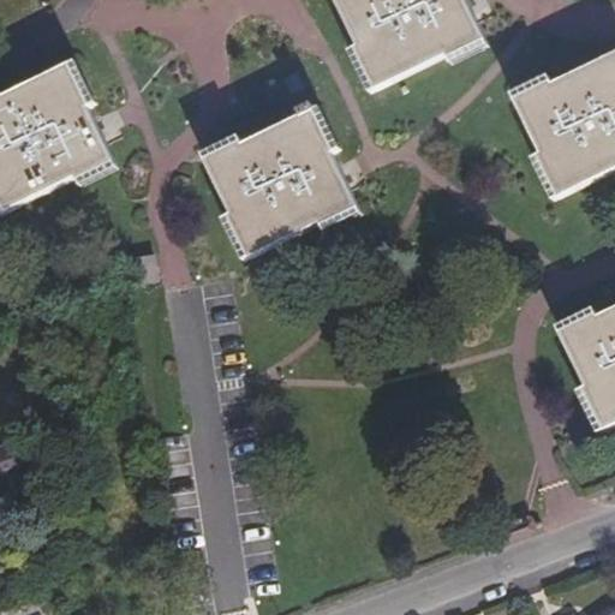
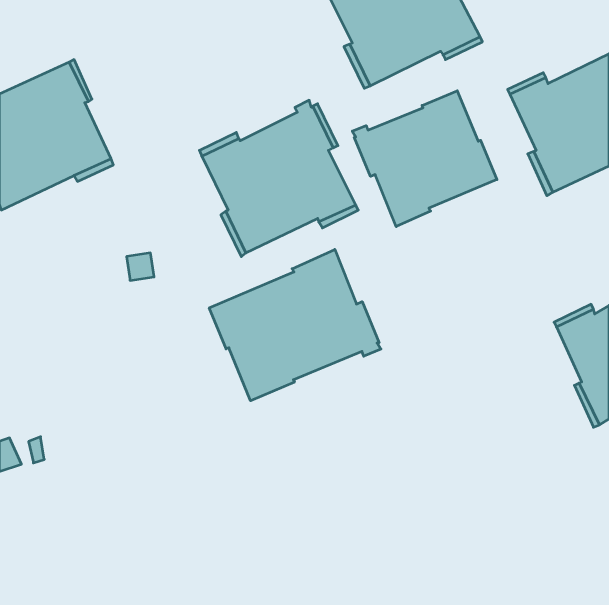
building: none -> [352,91,497,227]
building: none -> [209,249,381,401]

